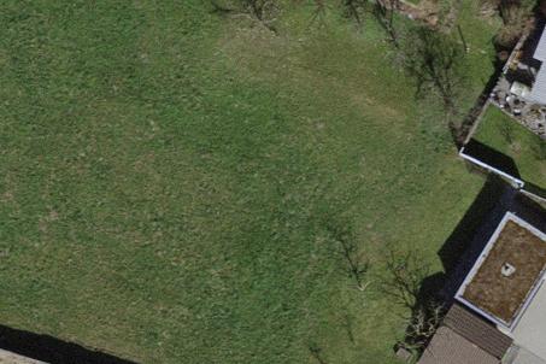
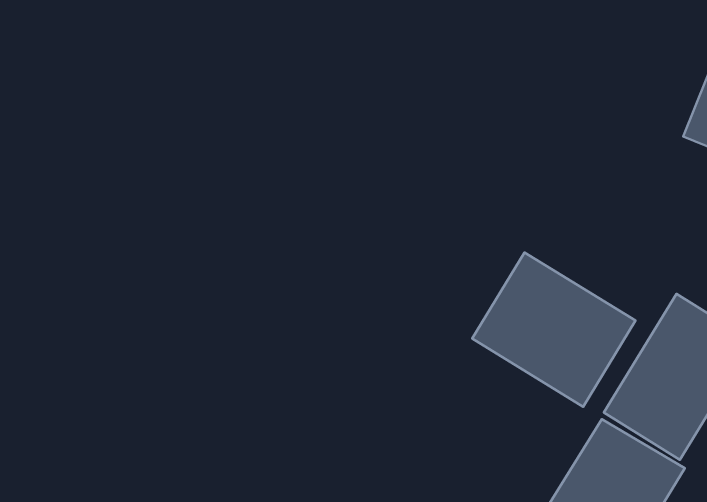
building: none -> [472,252,636,407]

